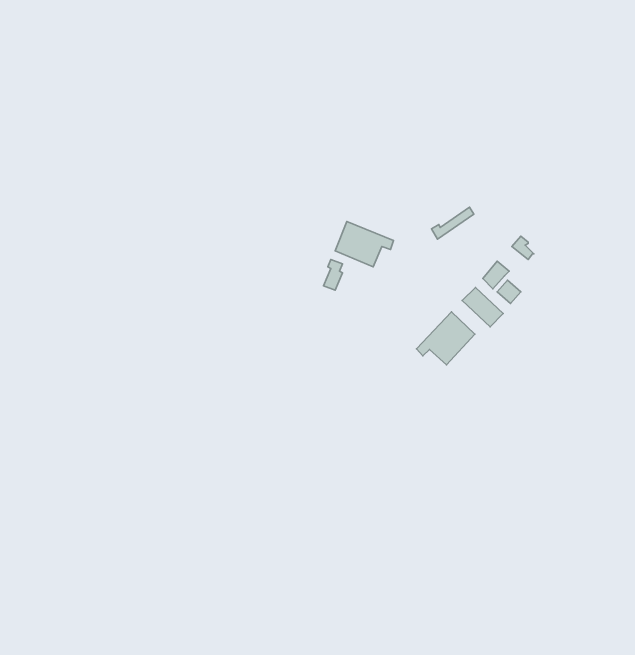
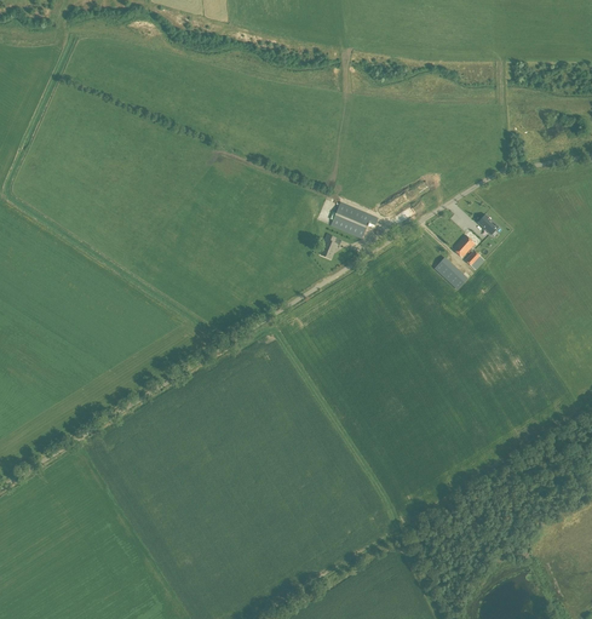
building: [416,312,475,365] -> none

